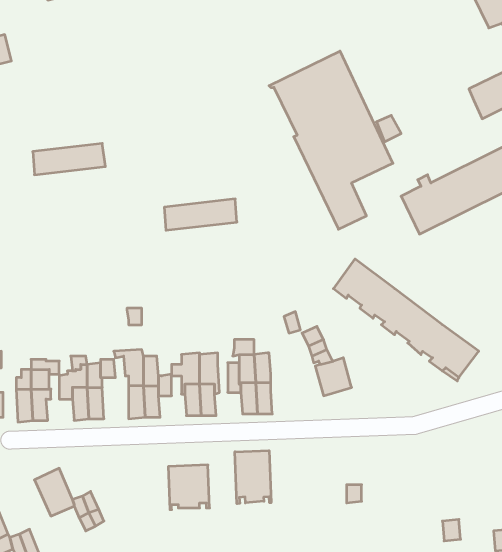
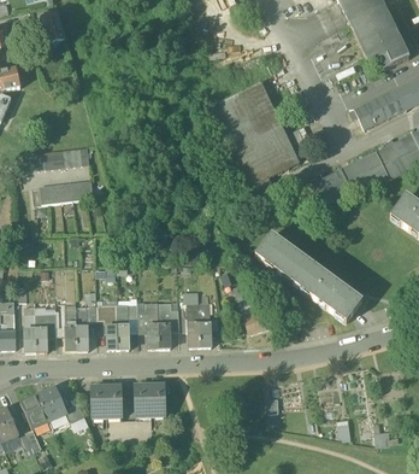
building: [164,199,237,230] -> [40,181,93,204]
building: [235,451,271,504] -> none
building: none -> [92,384,122,416]
building: none -> [19,393,49,427]

